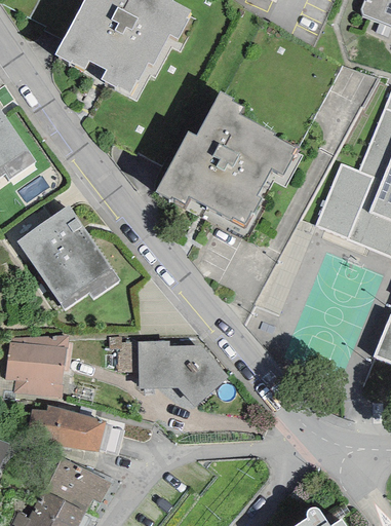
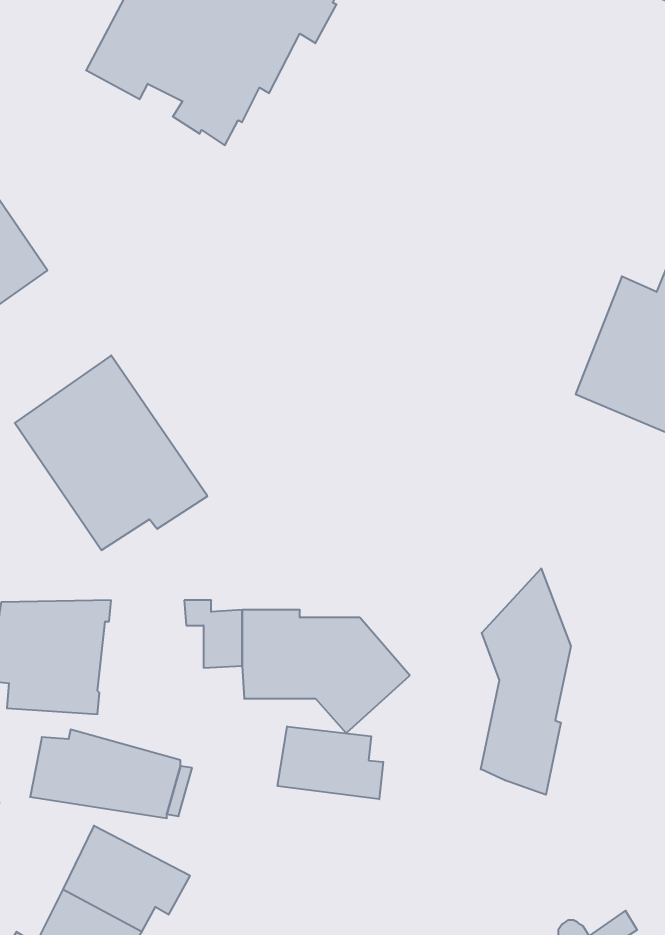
building: [156,90,302,224] -> none
building: none -> [481,568,571,795]
building: none -> [278,726,383,799]

